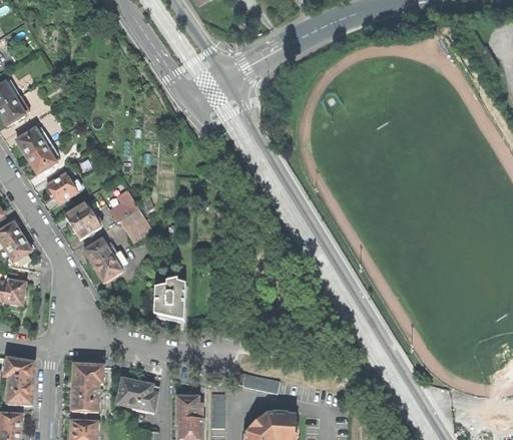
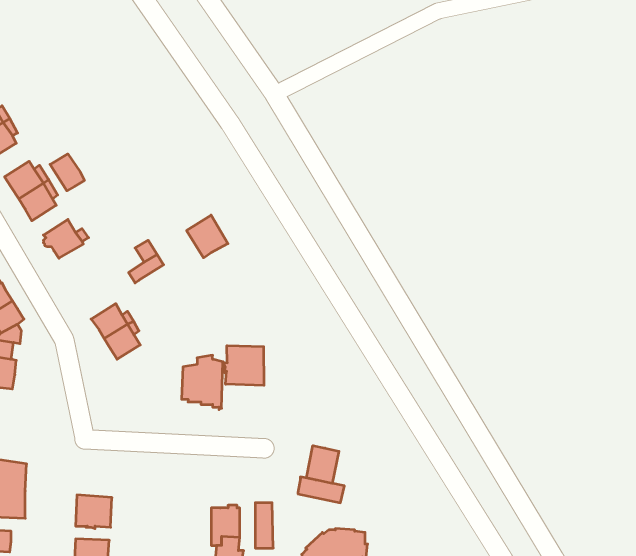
building: none -> [50,154,84,191]
building: [65,203,100,240] -> none
building: [120,208,152,242] -> [187,215,228,258]
building: none -> [224,346,264,385]
building: none -> [306,446,339,483]
building: [72,365,103,389] -> none
building: [117,379,158,411] -> none

